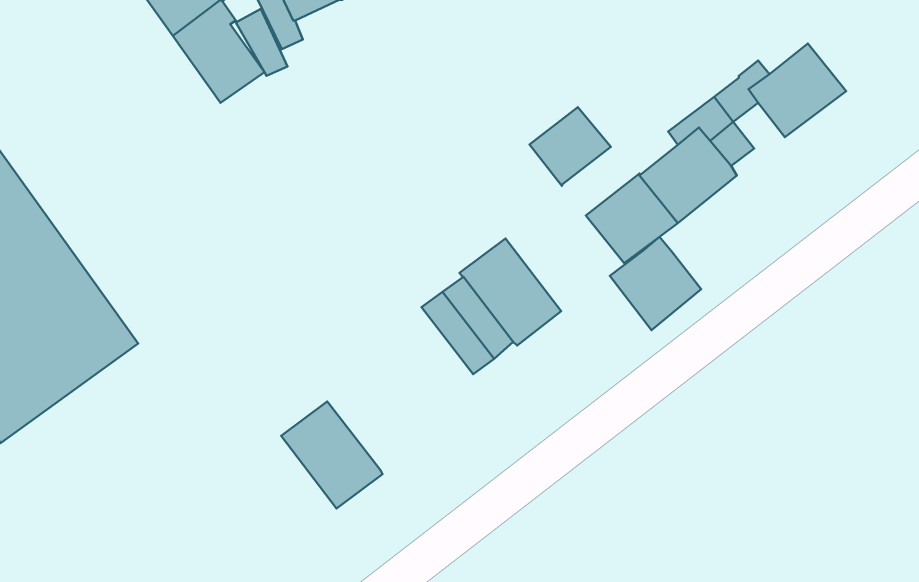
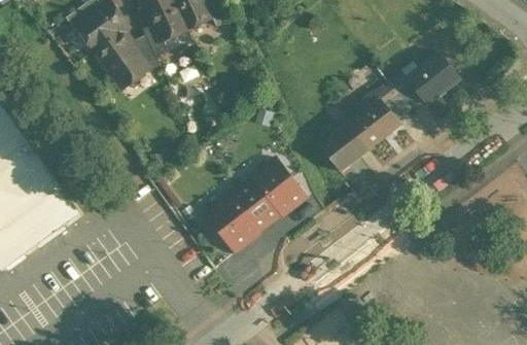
building: [530,107,611,186] -> none
building: [610,237,701,330] -> none
building: [281,401,383,509] -> [205,195,259,252]

